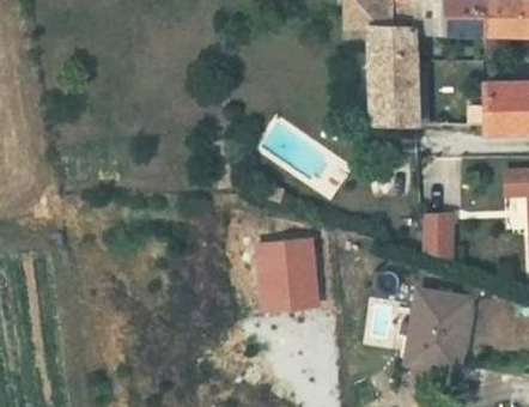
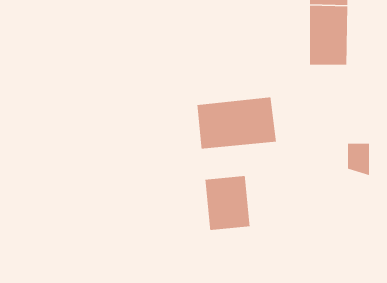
building: none -> [197,96,277,149]
building: [402,297,464,378] -> none

